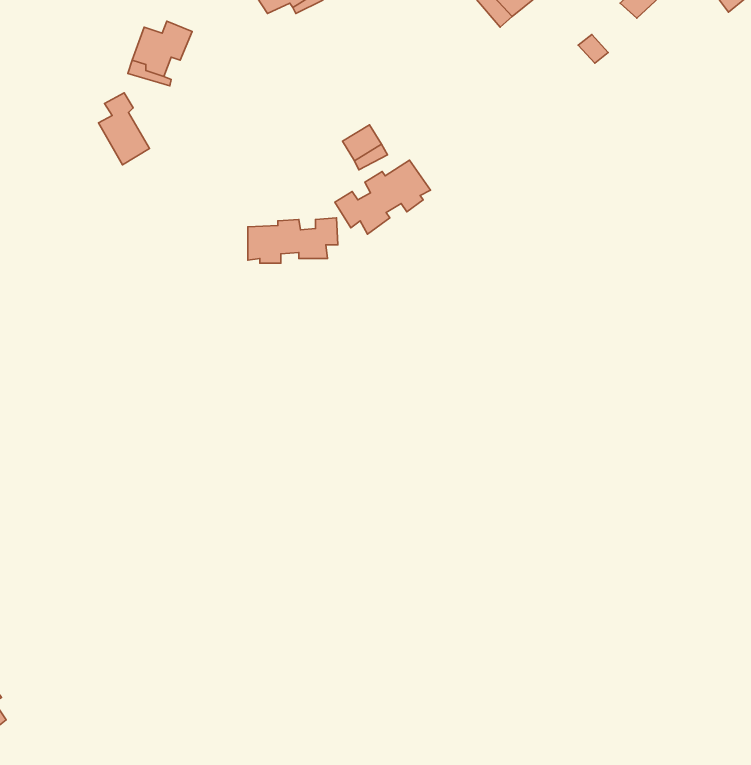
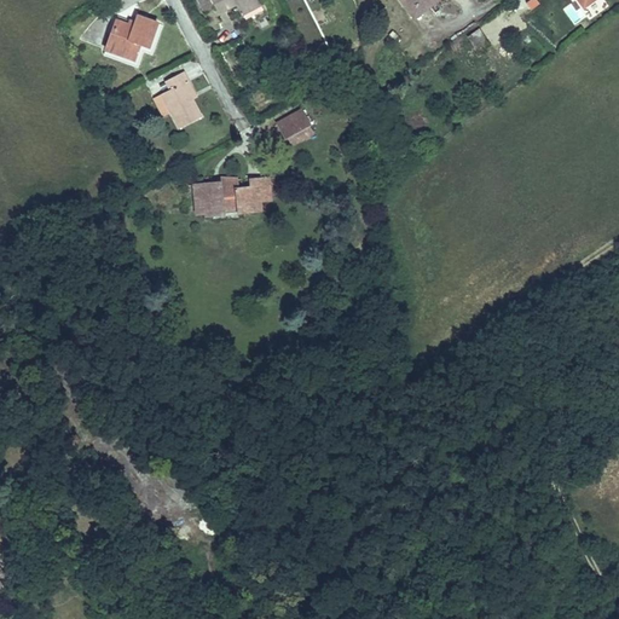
building: [99,93,150,165] -> [158,66,199,125]
building: [335,160,431,234] -> none

